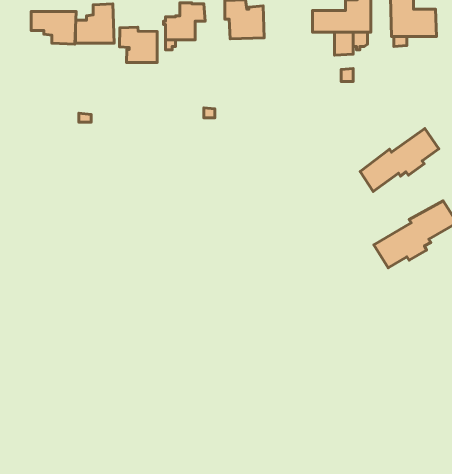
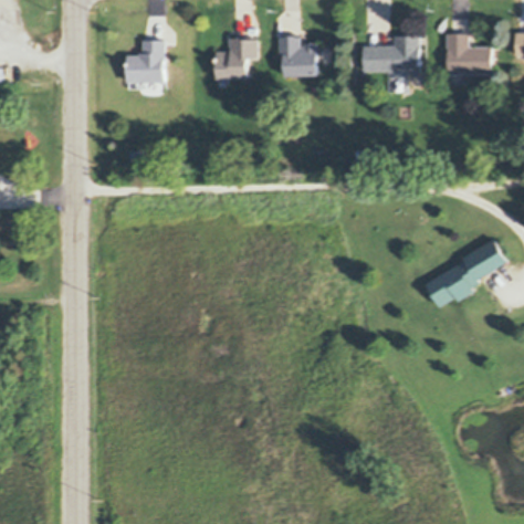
building: [31,12,76,44] -> none
building: [119,27,157,62] -> none
building: [360,128,439,192] -> none

